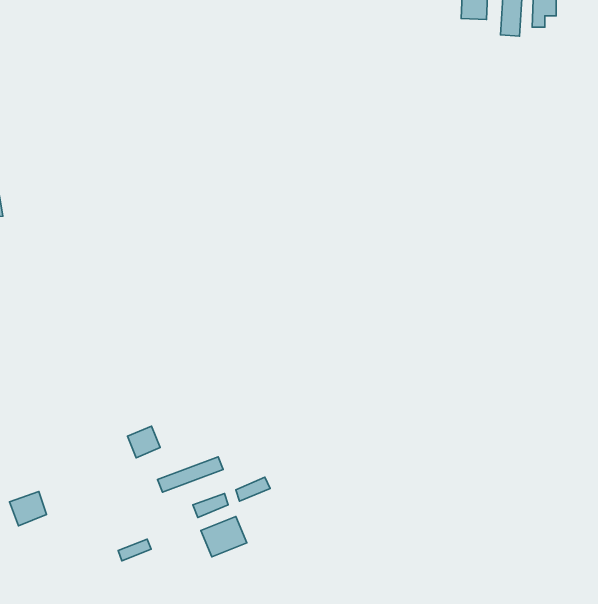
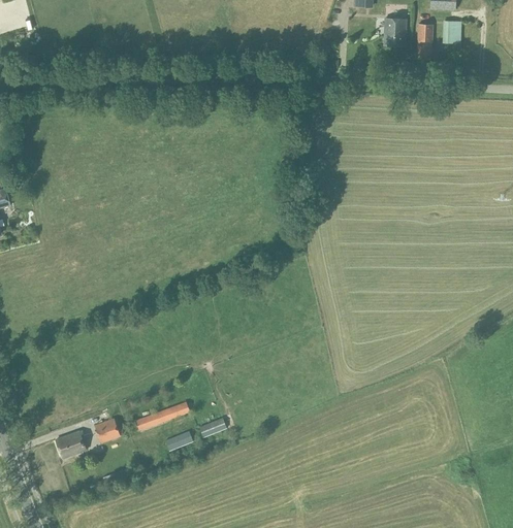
building: [127,426,160,458] -> [94,417,121,442]
building: [10,492,46,526] -> [55,430,85,458]
building: [201,516,247,557] -> none

